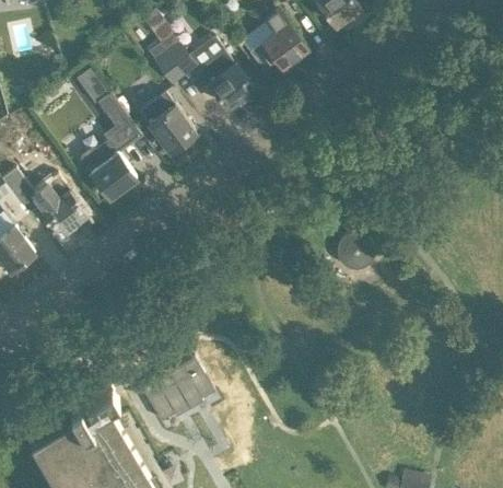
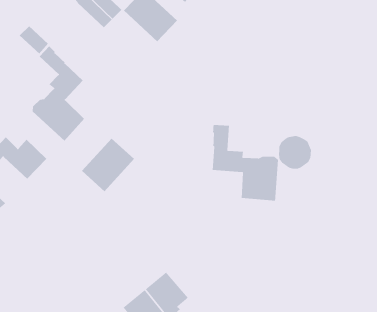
building: [139,92,195,152] -> none
building: none -> [81,138,135,192]
building: none -> [212,124,279,202]

